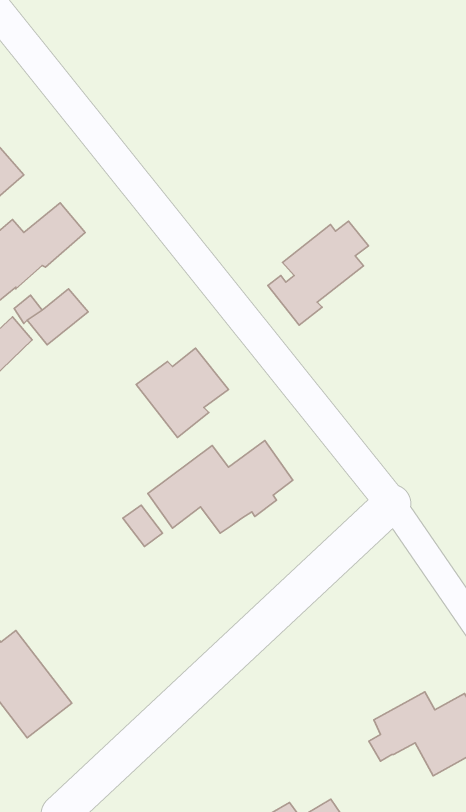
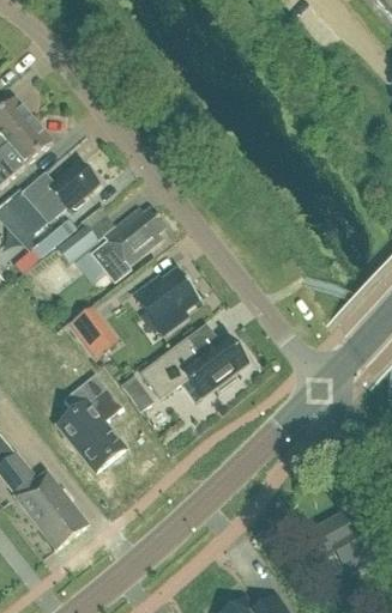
building: [268,221,368,325] -> [92,206,165,281]
building: none -> [71,309,108,346]
building: none -> [54,368,120,466]

